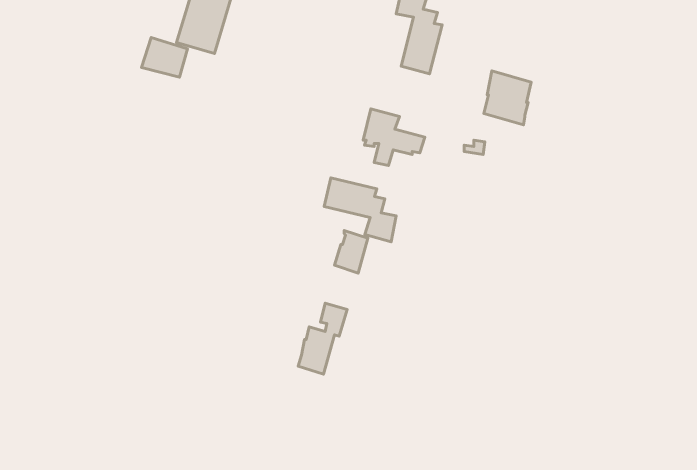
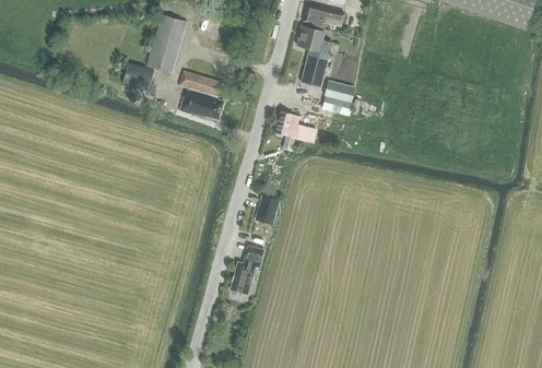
building: none -> [178,70,223,119]
building: [484,71,531,125] -> [321,79,354,116]
building: [324,178,396,242] -> none

